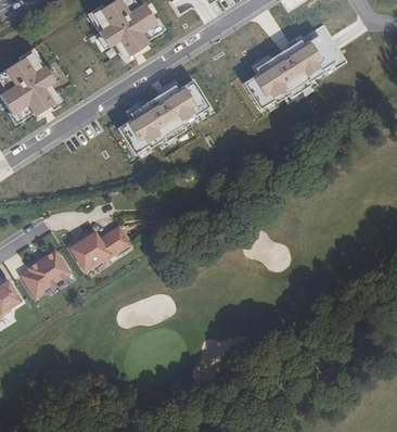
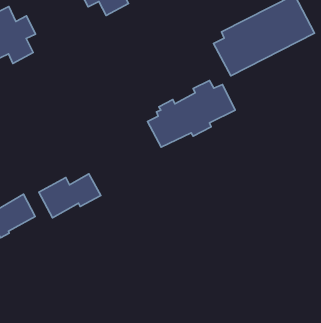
building: [116,77,207,151] -> [148,80,235,147]

